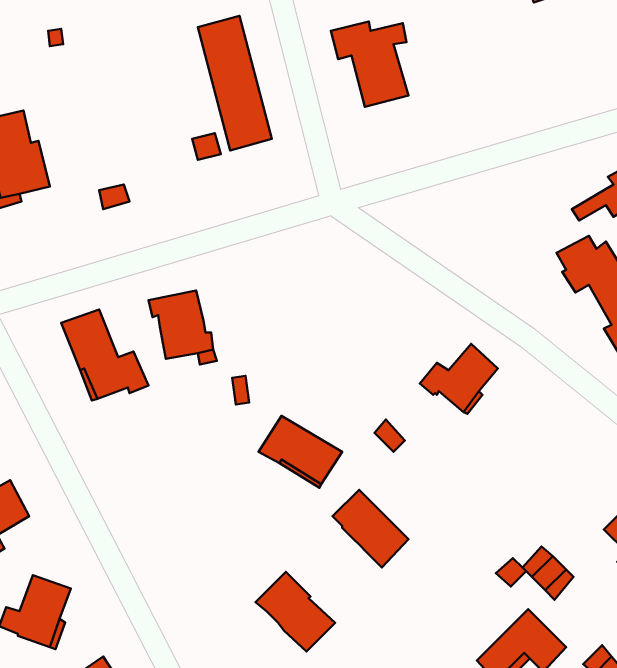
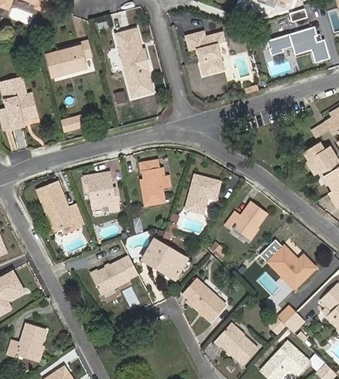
building: none -> [266,27,329,63]
building: none -> [43,40,93,79]
building: none -> [145,159,169,204]
building: none -> [190,172,225,210]
building: none -> [272,247,320,289]
building: none -> [94,259,133,292]
building: [255,572,335,651] -> [215,320,257,362]

